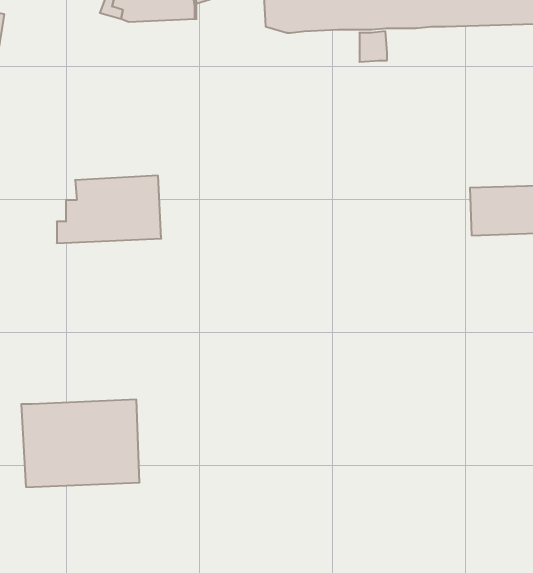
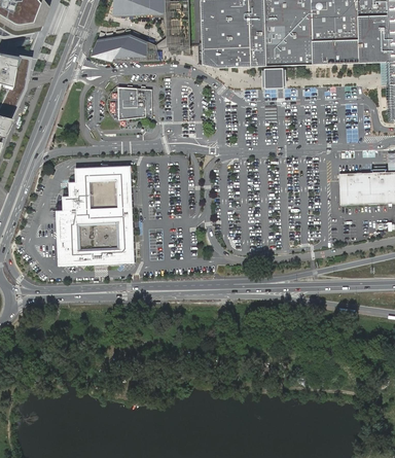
building: none -> [116,84,151,118]
building: [21,400,140,487] -> [55,206,134,265]

